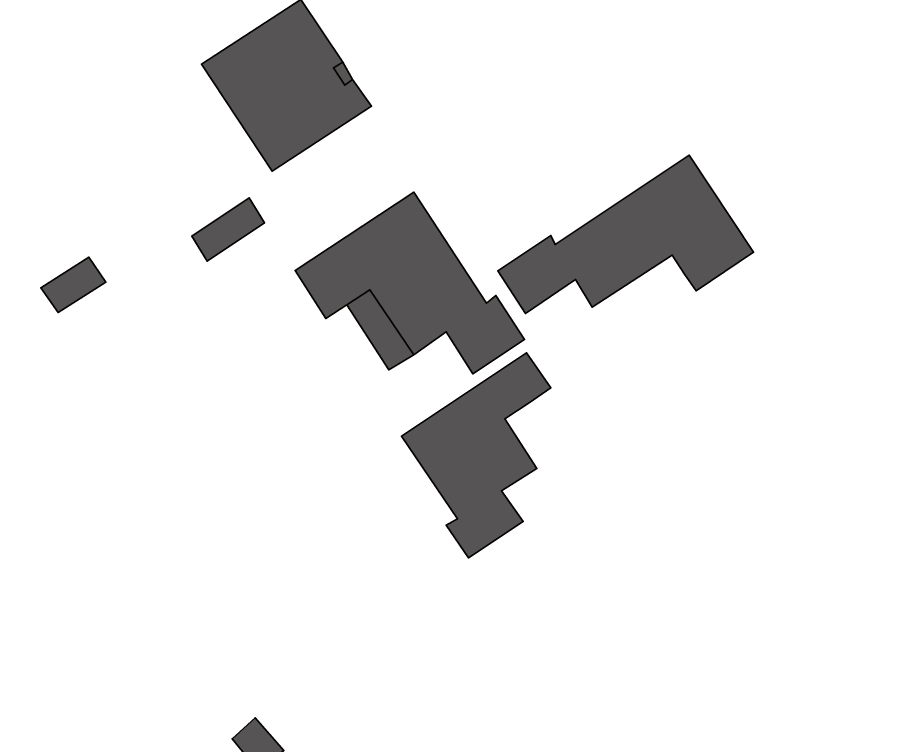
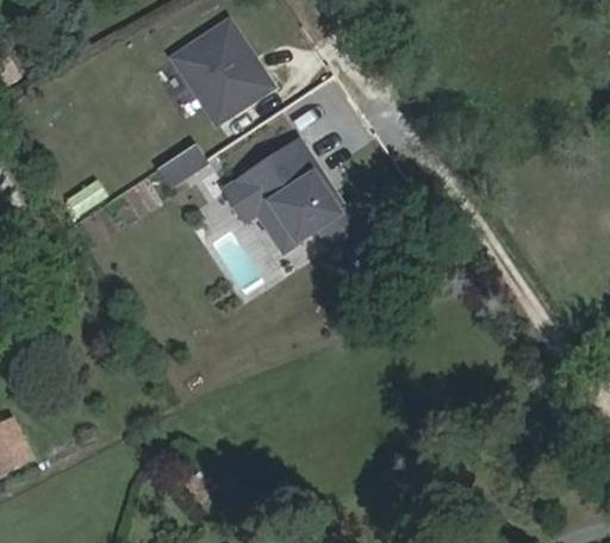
building: [498,155,753,313] -> none
building: [402,353,551,558] -> none

